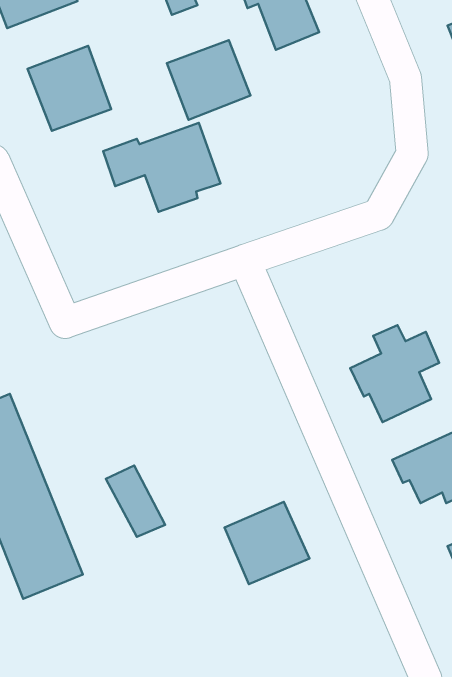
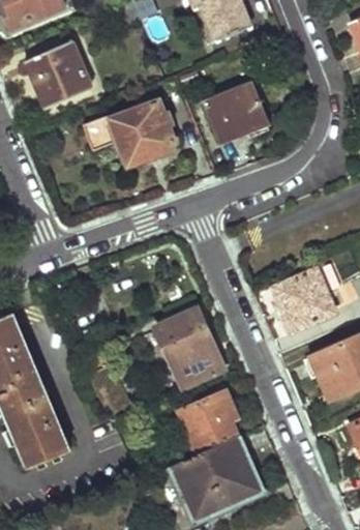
building: [167,40,251,120] -> [204,83,268,144]
building: none -> [155,310,222,388]
building: none -> [163,434,265,520]

